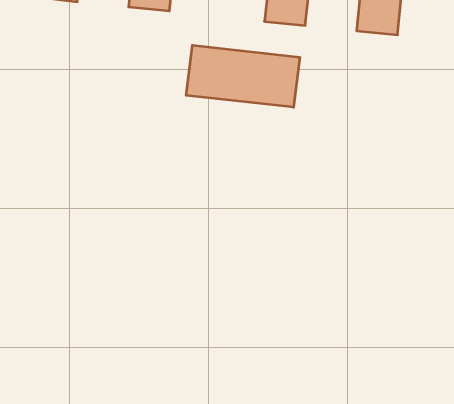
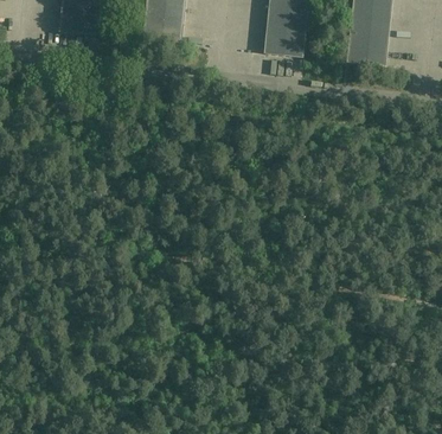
building: [186,45,300,107] -> none

